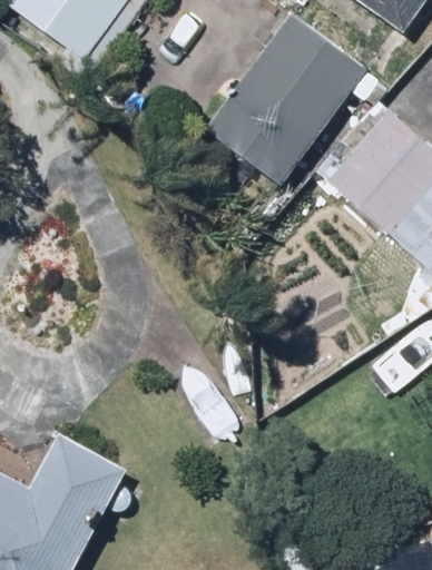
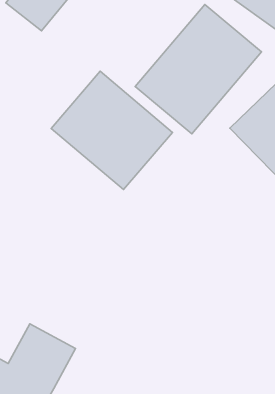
building: none -> [51,71,172,190]

